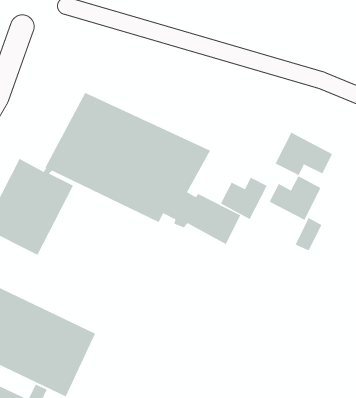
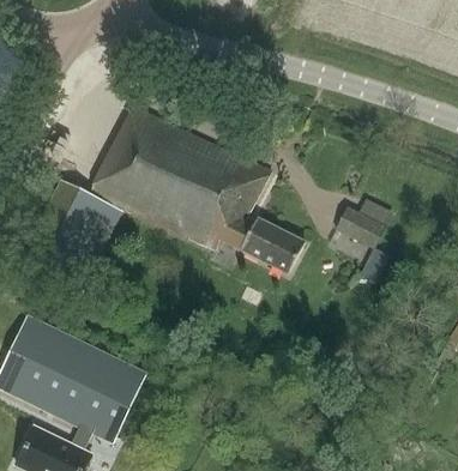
building: [275,132,333,176] -> none
building: [220,177,268,220] -> none

